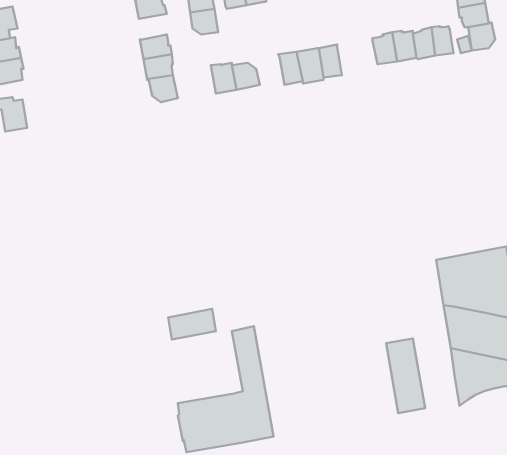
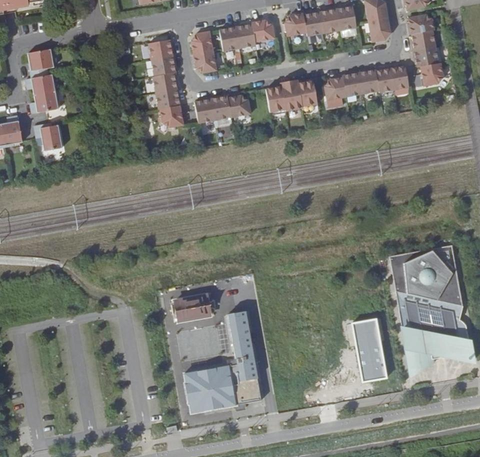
building: none -> [152,55,176,76]
building: none -> [325,77,347,100]
building: none -> [195,97,215,123]

